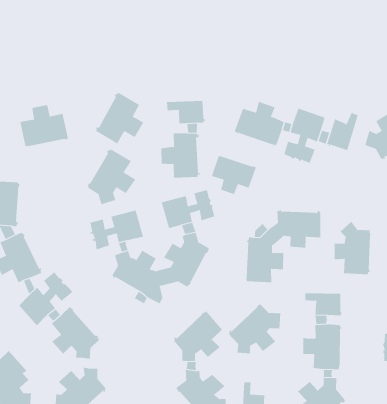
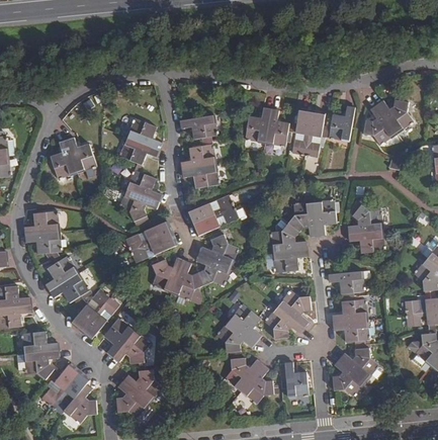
building: [211,155,256,195] -> none

